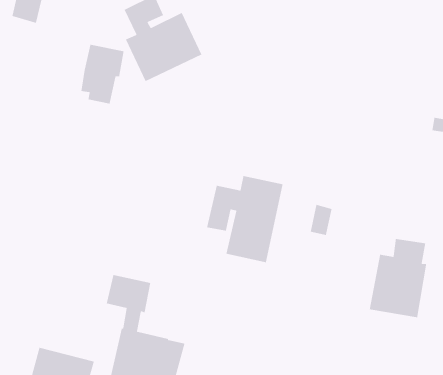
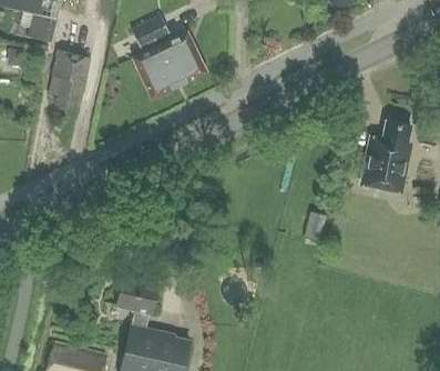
building: [80,44,125,105] -> [49,50,90,107]
building: [206,175,284,263] -> none
building: [369,238,427,318] -> [359,118,413,192]

